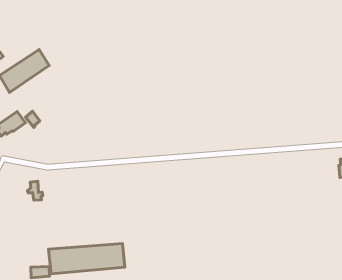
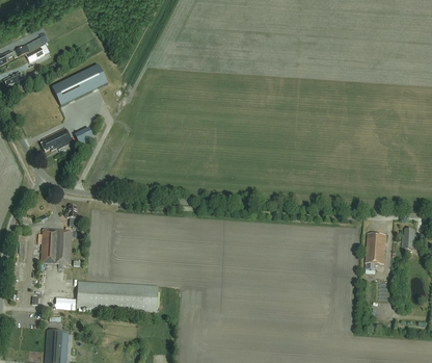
building: none -> [365,232,385,268]
building: none -> [37,228,75,263]

